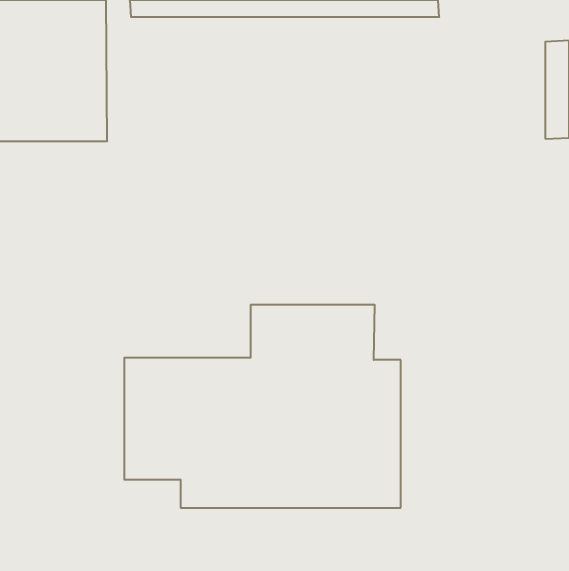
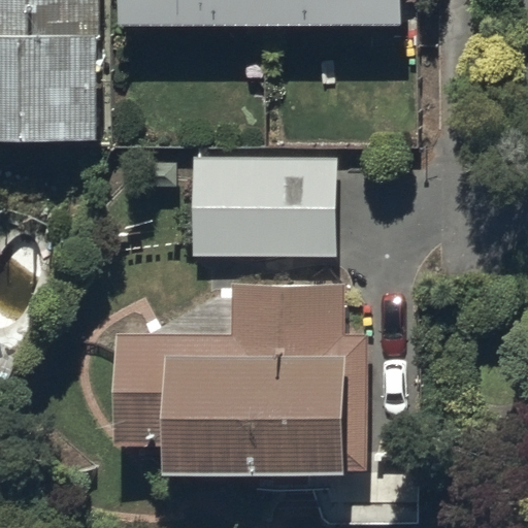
building: none -> [190,159,334,259]

